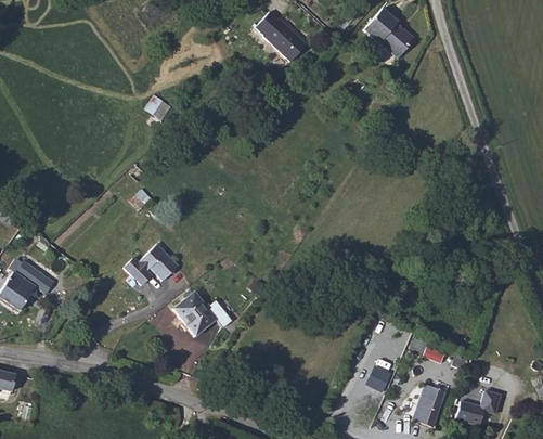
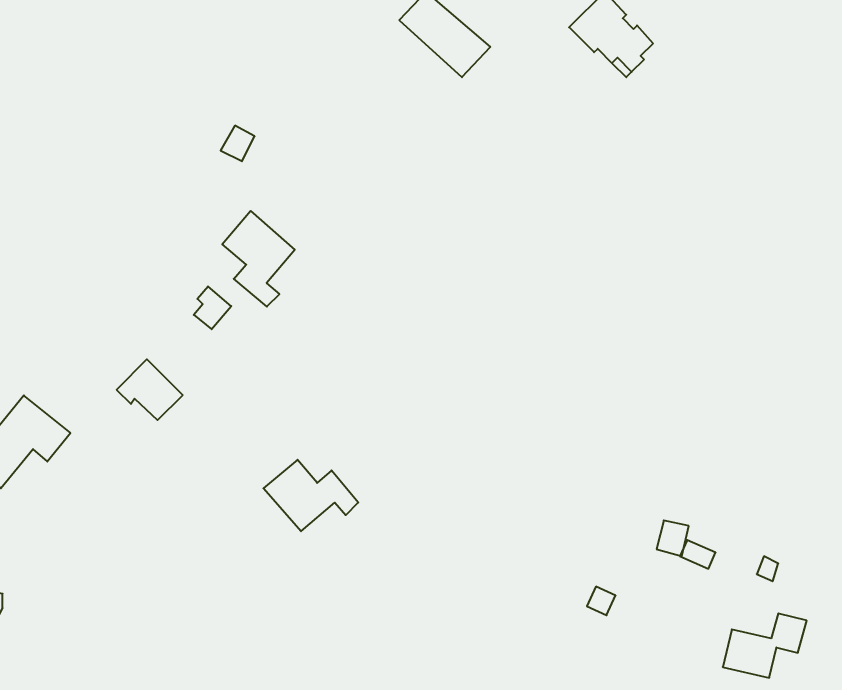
building: none -> [222,211,295,307]
building: [138,245,178,282] -> [117,359,183,420]
building: [412,379,449,426] -> none

